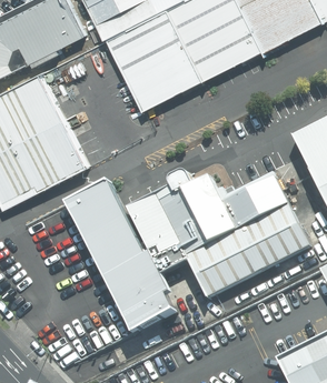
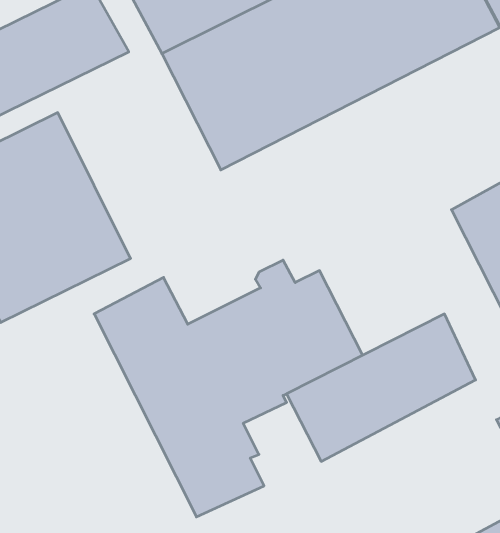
building: [221,171,288,230] -> none

